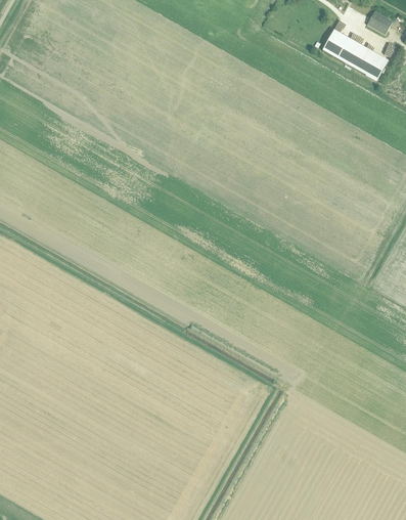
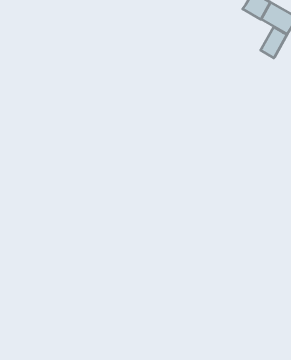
building: none -> [261,27,287,58]

